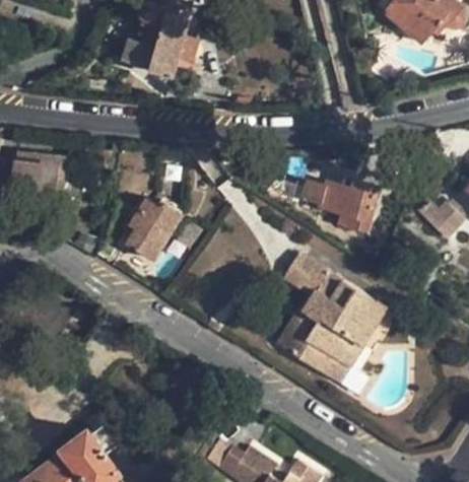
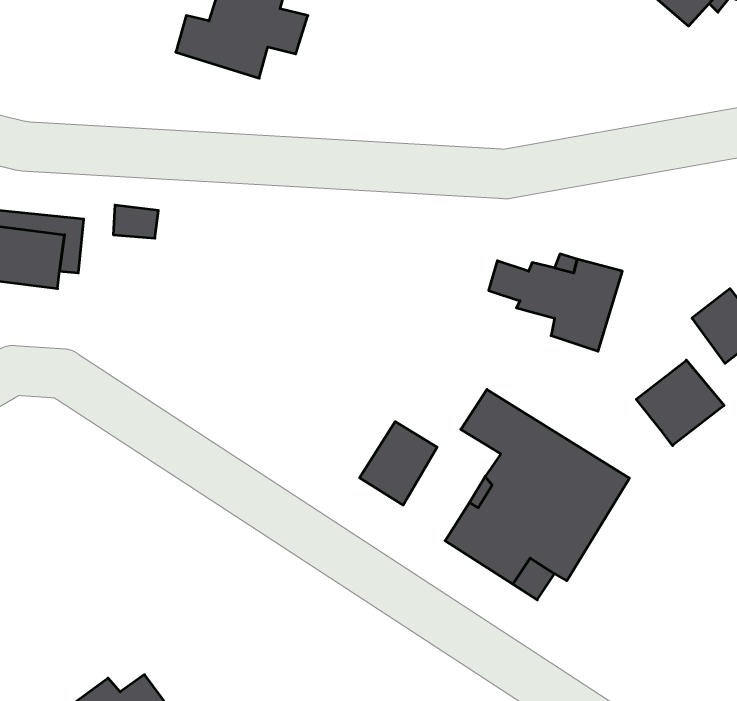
building: [126,198,182,260] -> none
building: none -> [636,360,724,446]
building: none -> [360,422,437,505]

